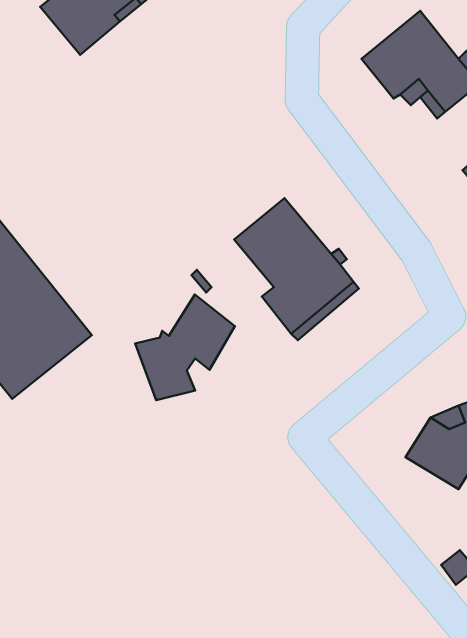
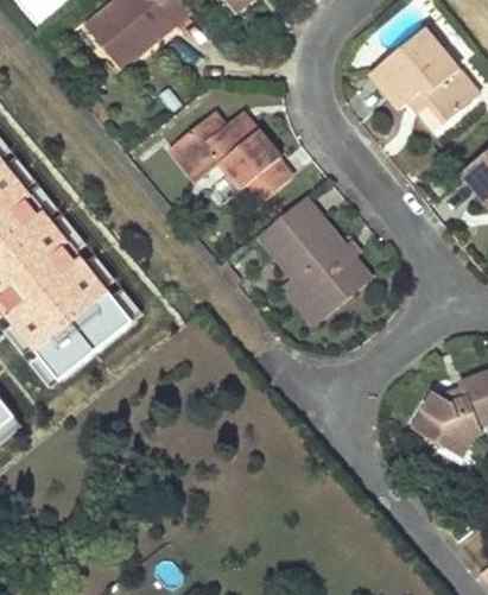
building: none -> [170,112,293,205]
building: [135,295,235,400] -> none

